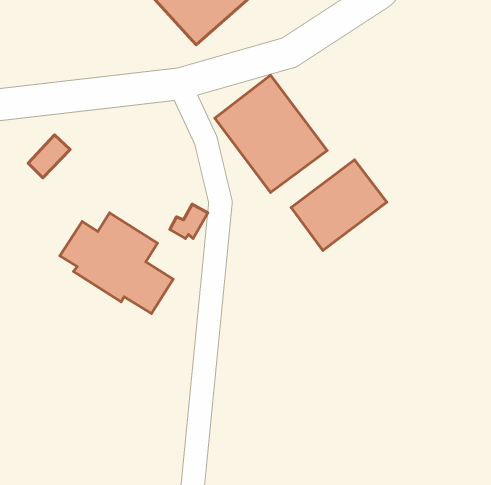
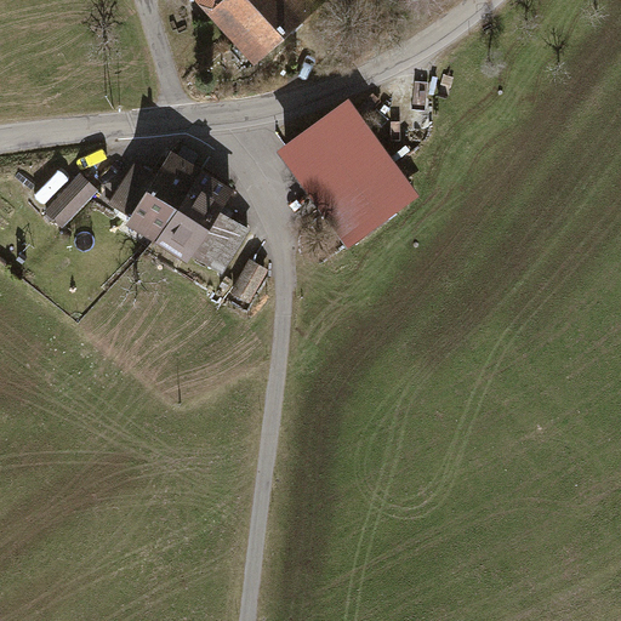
building: [291,160,387,250] -> none
building: [60,213,173,314] -> [109,149,250,274]

